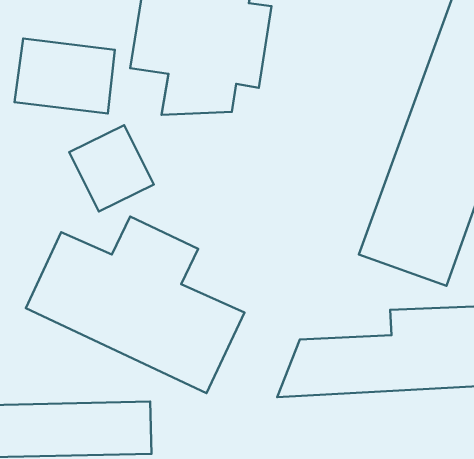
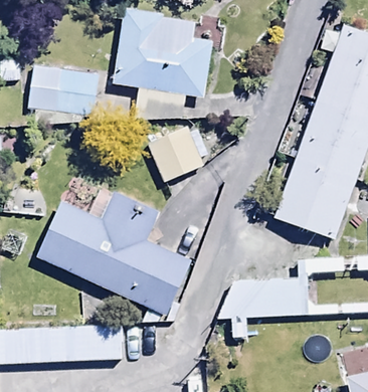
building: [69,125,154,211] -> [144,124,204,185]

